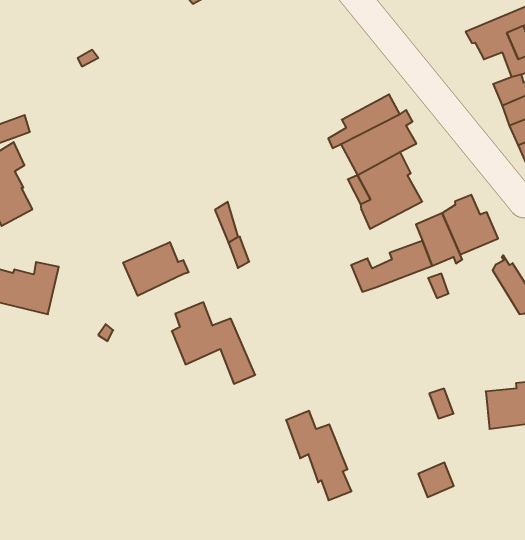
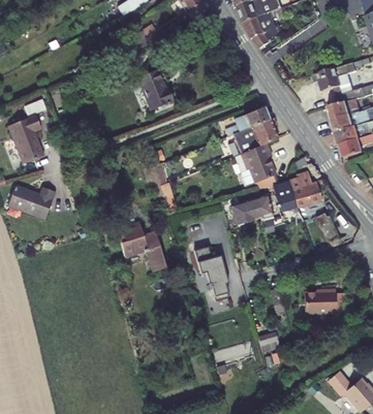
building: none -> [136,69,173,109]
building: [123,242,189,296] -> none
building: [286,411,352,500] -> [194,245,229,299]

